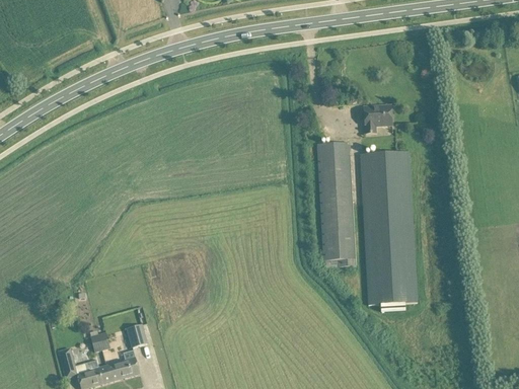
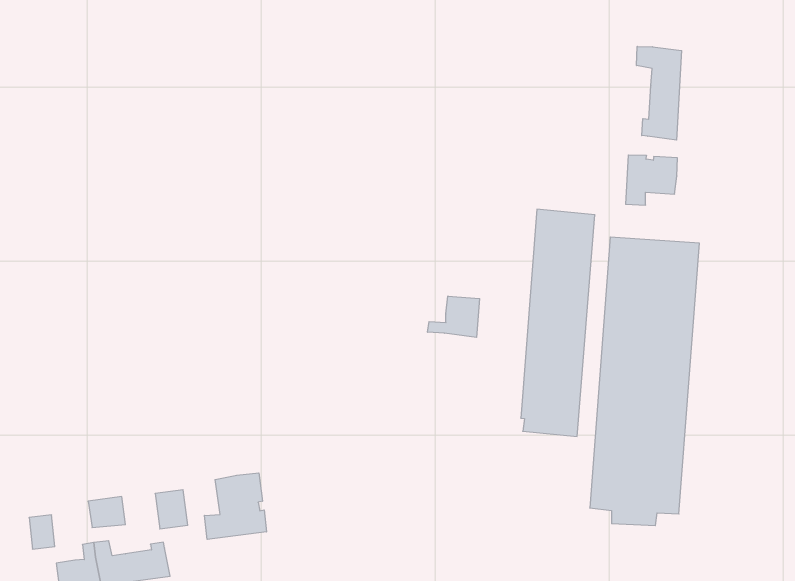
building: none -> [637,46,682,140]
building: none -> [428,296,480,337]
building: none -> [204,473,266,539]

